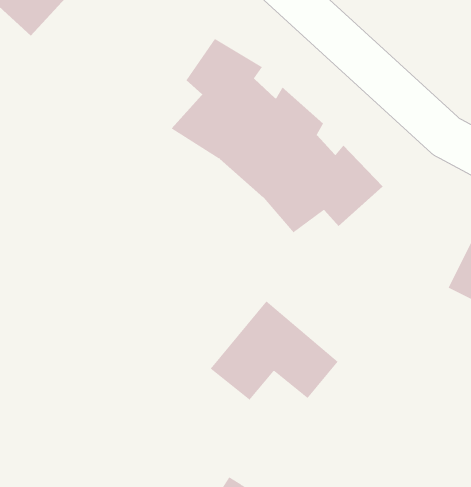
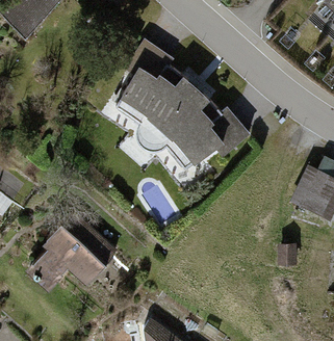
building: [210,301,338,401] -> [24,226,107,290]

